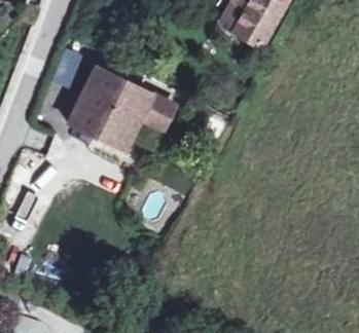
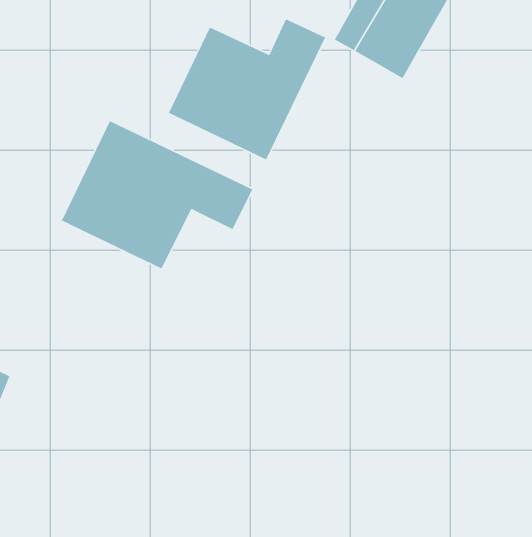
building: none -> [168,18,326,161]

